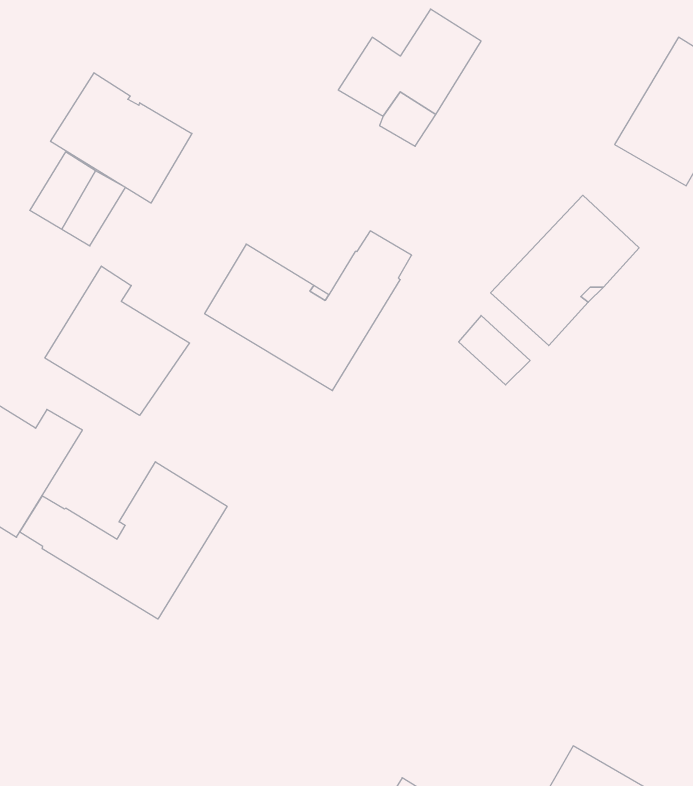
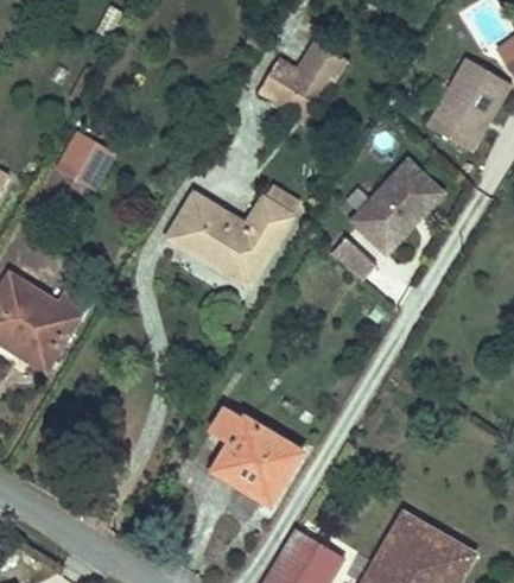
building: [51,73,192,203] -> none
building: [45,266,190,415] -> none
building: [20,462,227,619] -> none
building: none -> [214,414,304,513]

